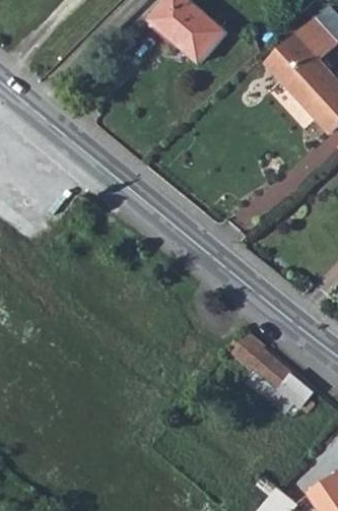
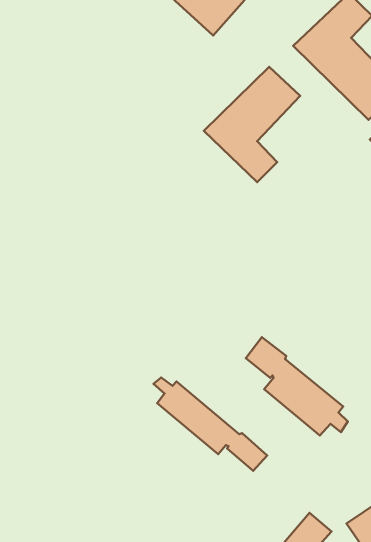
building: none -> [204,67,300,182]
building: none -> [154,377,267,471]

